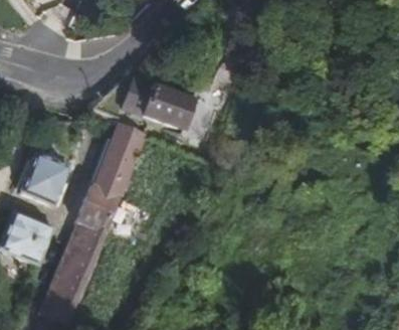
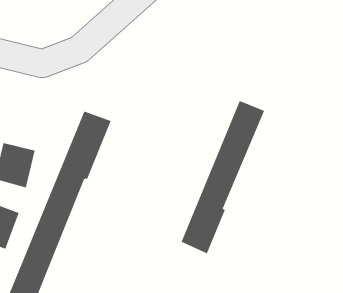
building: [123,80,194,129] -> none
building: none -> [181,100,265,254]

